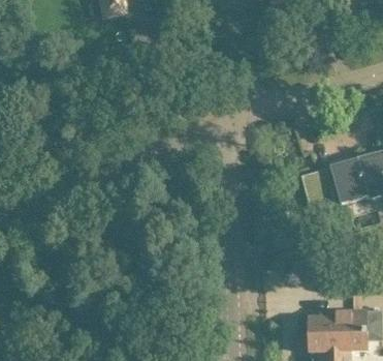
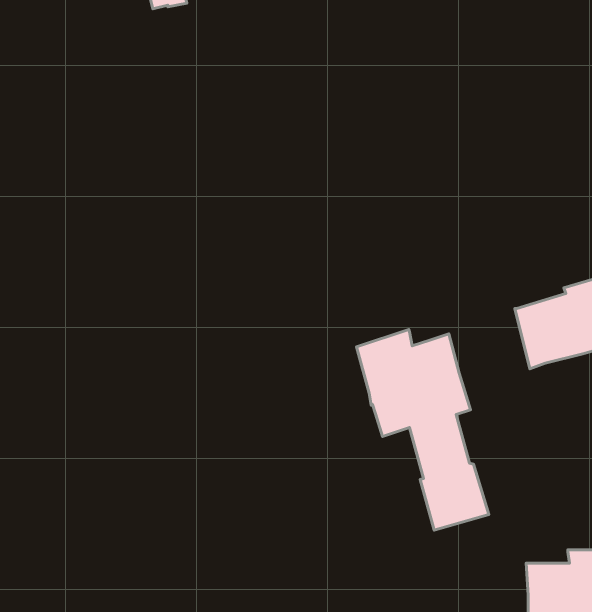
building: none -> [357,329,489,530]

